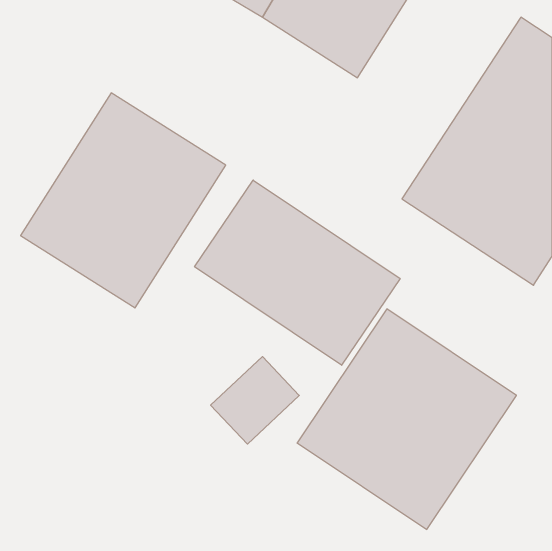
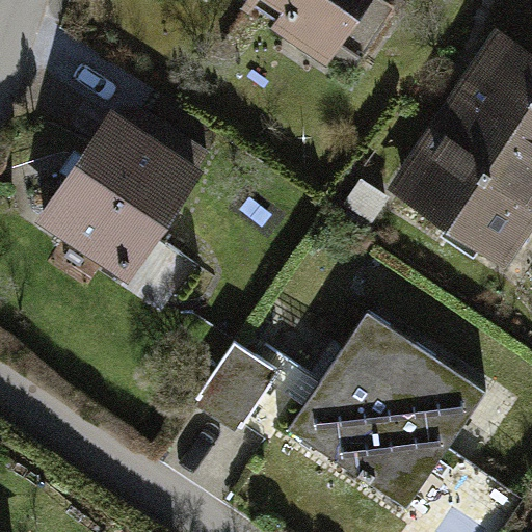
building: [195,180,400,365] -> none

